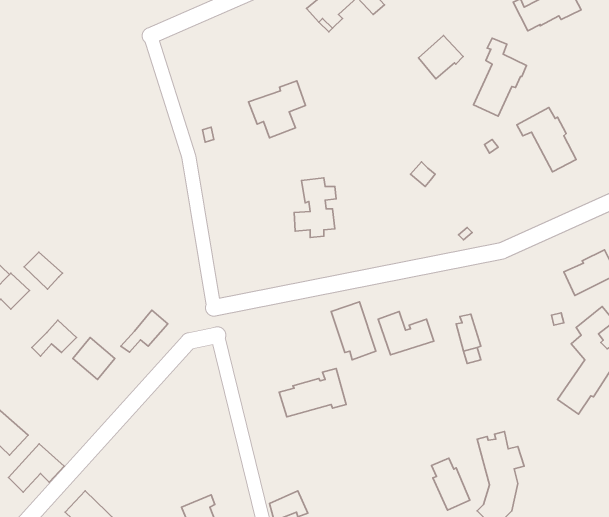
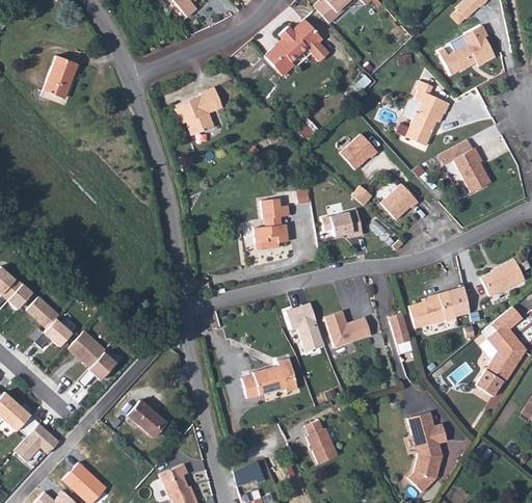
building: none -> [43,56,77,99]
building: [419,36,463,79] -> [340,134,377,170]
building: [248,81,305,138] -> [174,87,221,135]
building: none -> [380,184,419,220]
building: none -> [321,210,362,239]
building: [24,252,63,289] -> [26,297,58,328]
building: none -> [408,287,469,328]
building: [121,310,168,352] -> [77,350,116,386]
building: none -> [127,400,165,438]
building: [431,458,470,510] -> [304,420,337,464]

